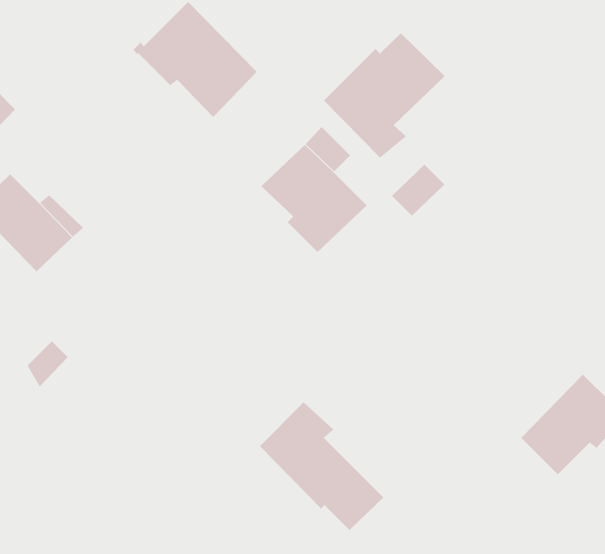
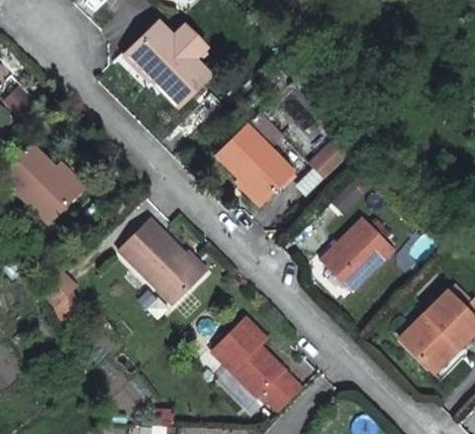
building: [323,32,445,159] -> none
building: none -> [121,218,202,302]
building: none -> [318,218,392,291]

